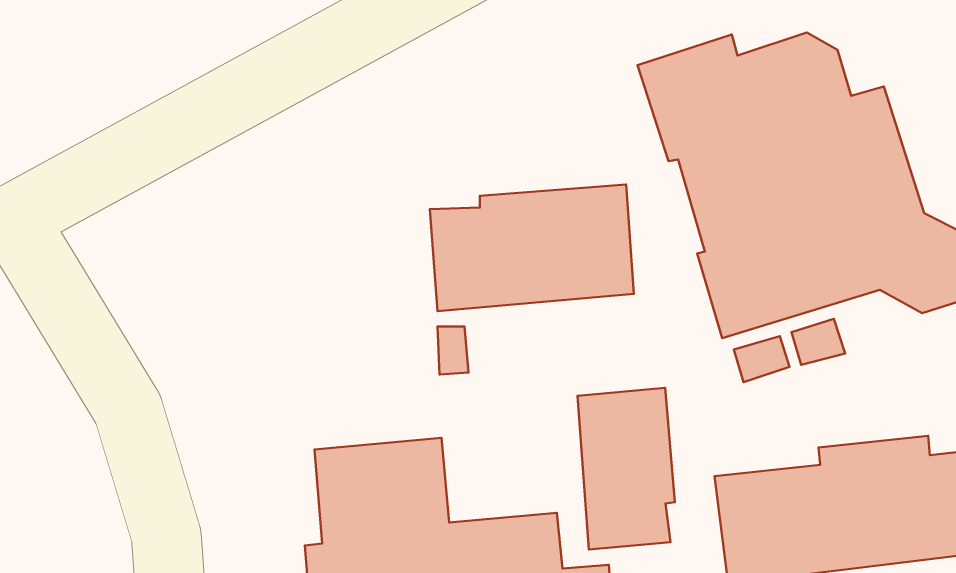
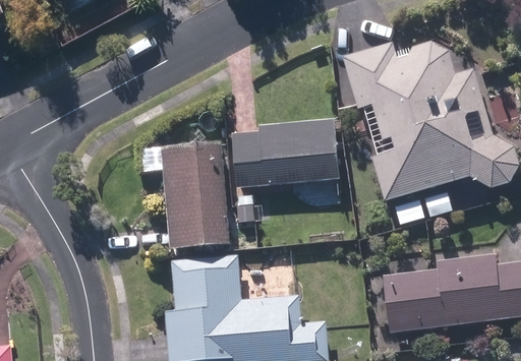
building: none -> [139,141,228,249]
building: [577,388,675,549] -> none

